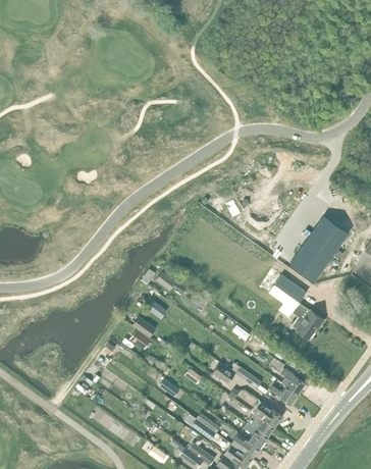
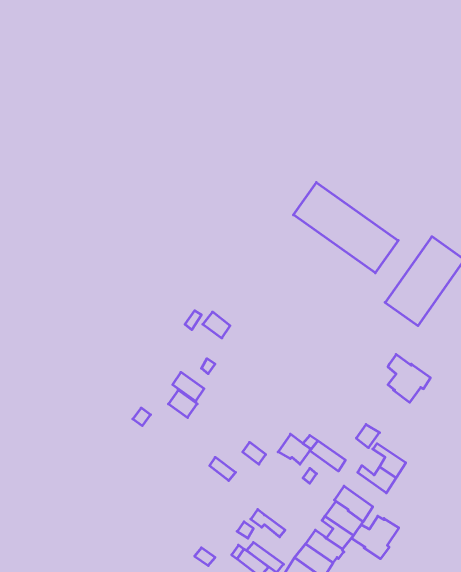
building: none -> [293,182,398,273]
building: [269,275,306,310] -> none
building: none -> [352,516,399,559]

